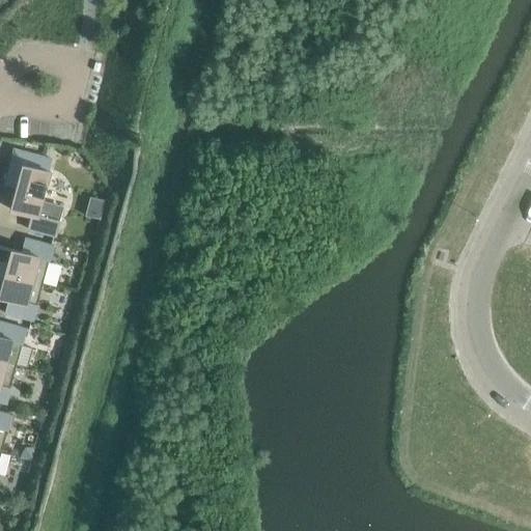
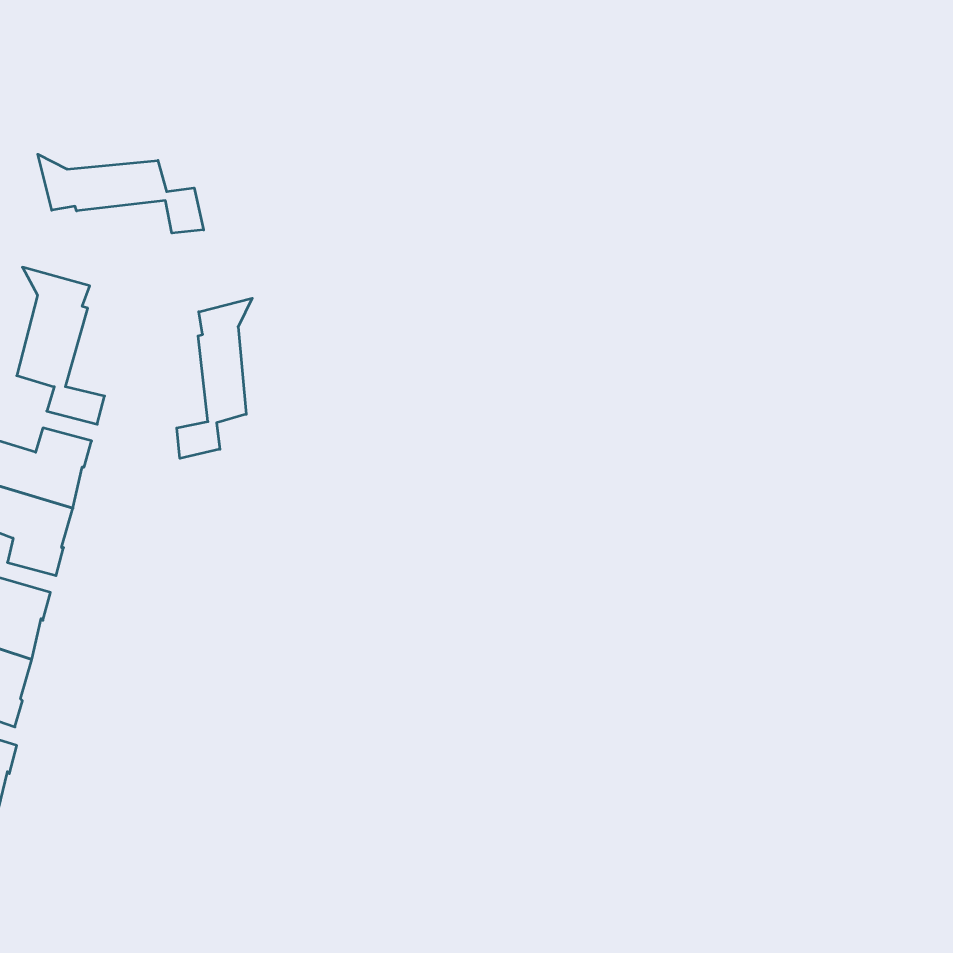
building: none -> [38,154,204,233]
building: none -> [177,298,252,458]

